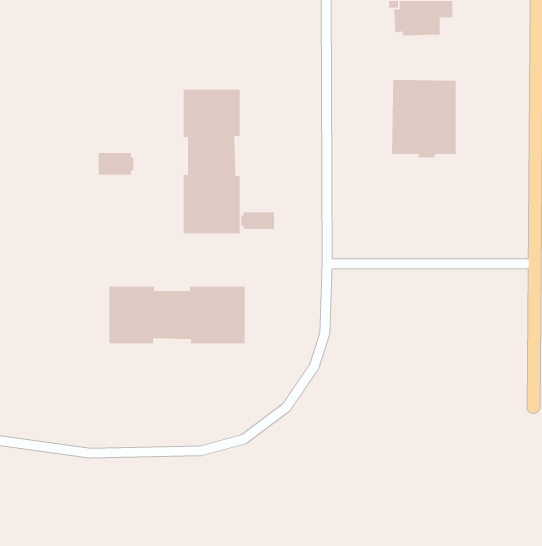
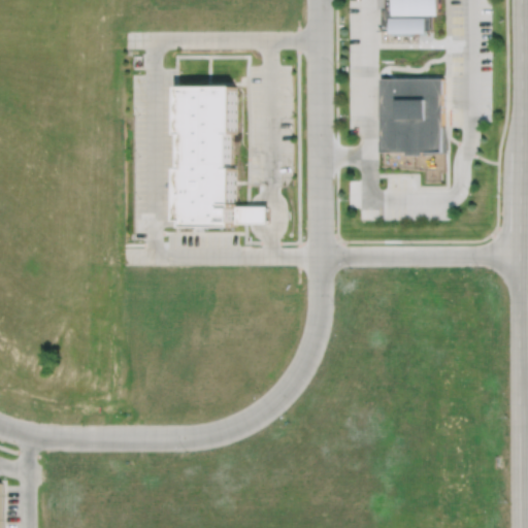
building: [98,152,134,175] -> none
building: [109,286,245,344] -> none

